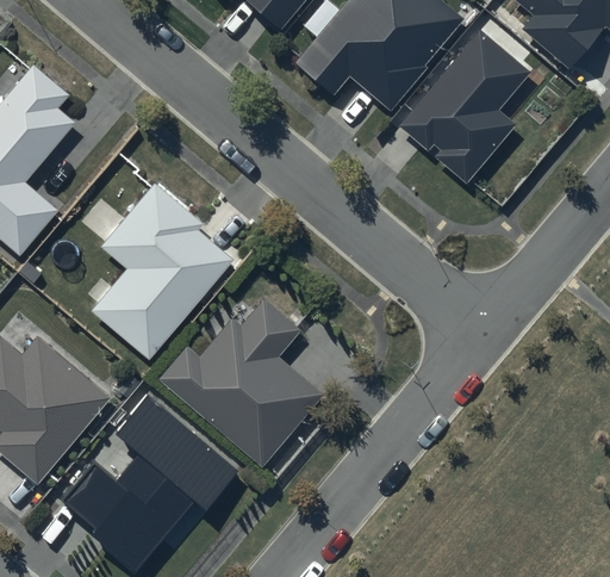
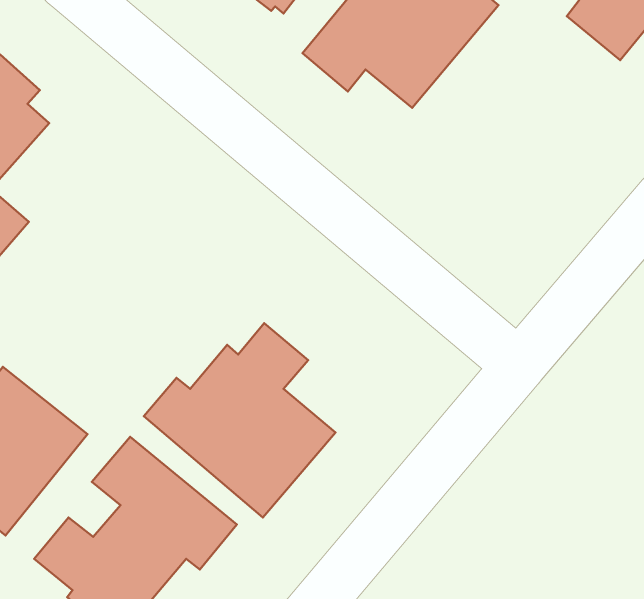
building: [396,25,530,181] -> none
building: [89,180,235,358] -> none

